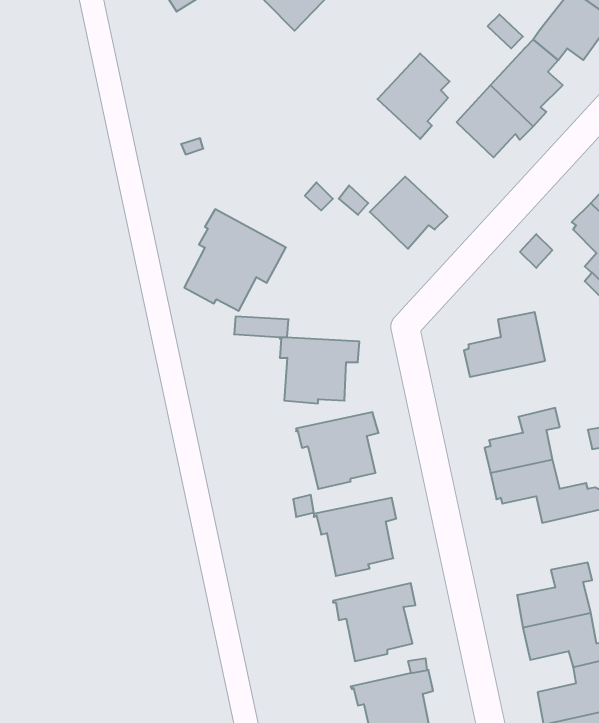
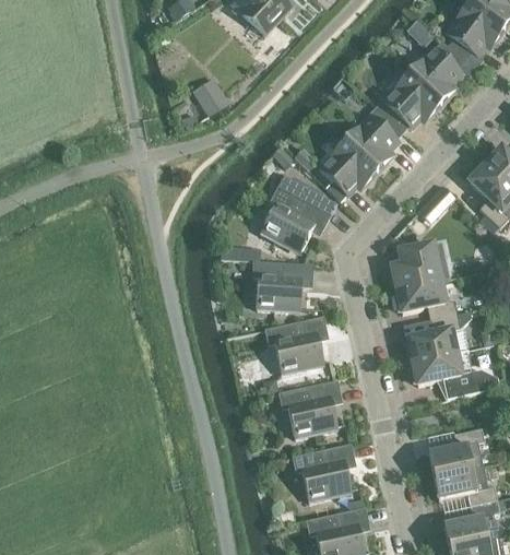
building: [377,53,450,139] -> [346,108,400,172]
building: none -> [193,80,228,117]
building: [184,209,286,311] -> [261,175,336,250]
building: none -> [394,281,458,320]

